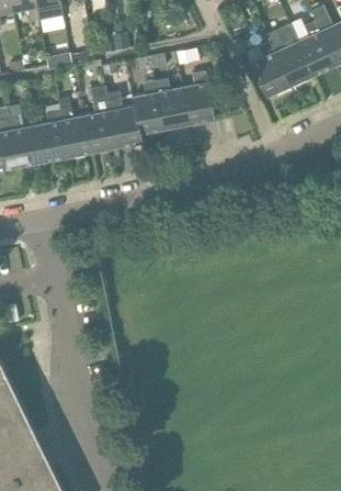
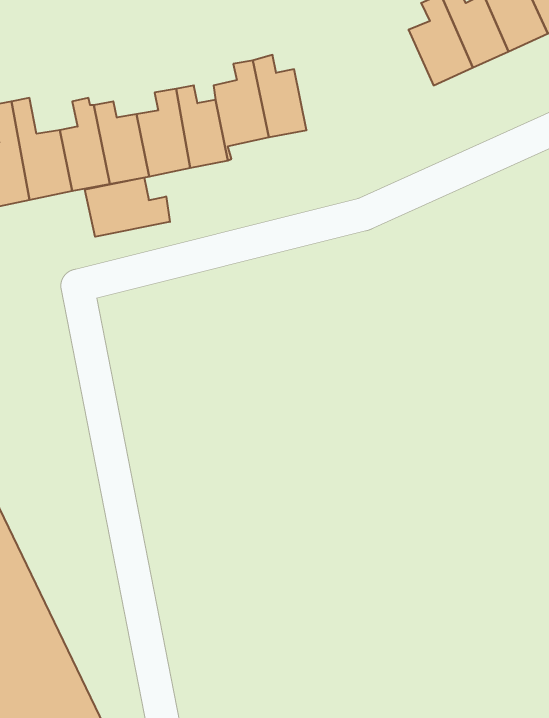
building: [181,71,215,125] -> none
building: none -> [85,178,170,237]

